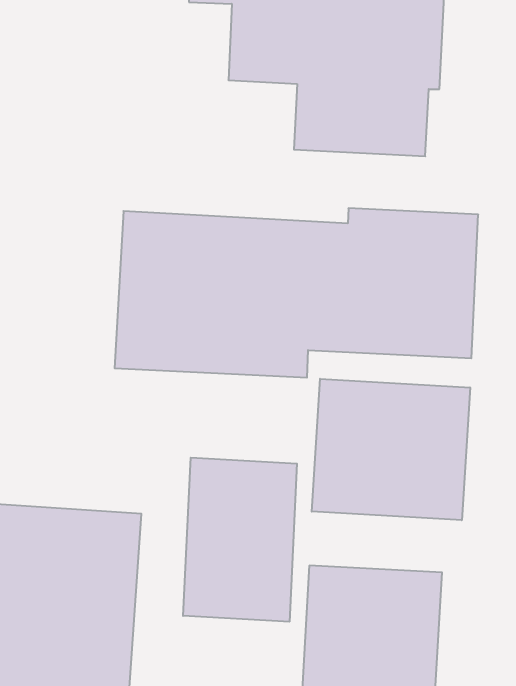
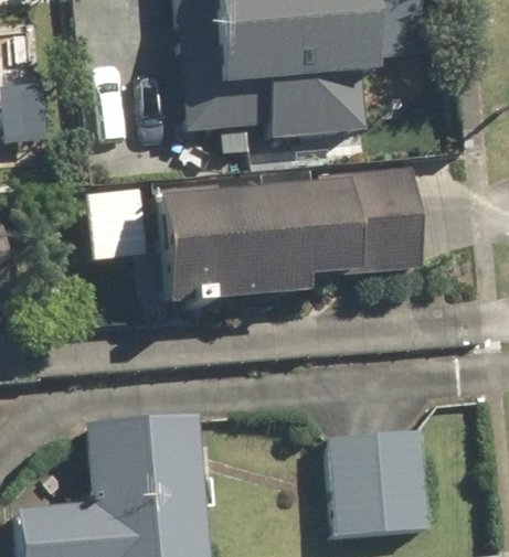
building: [312,379,470,520] -> none
building: [183,458,297,622] -> none

